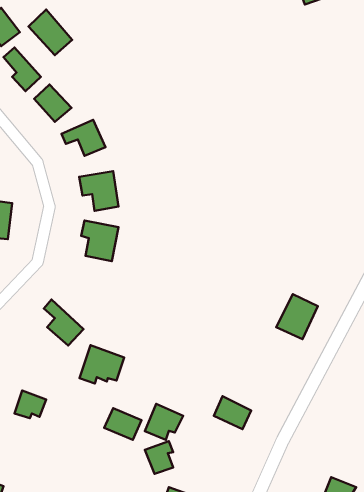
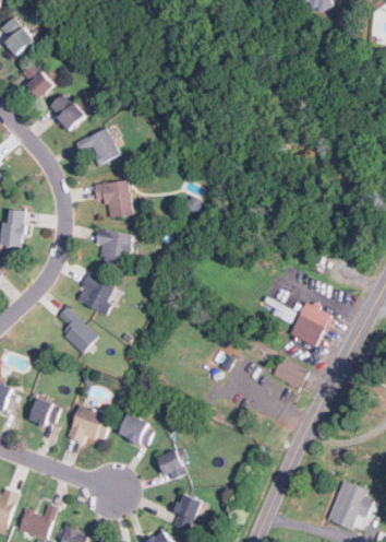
building: [29,10,72,55] -> none
building: none -> [75,273,120,315]
building: [79,345,124,384] -> [67,403,111,441]
building: [214,396,251,429] -> [272,355,309,388]
building: [145,404,183,440] -> none

